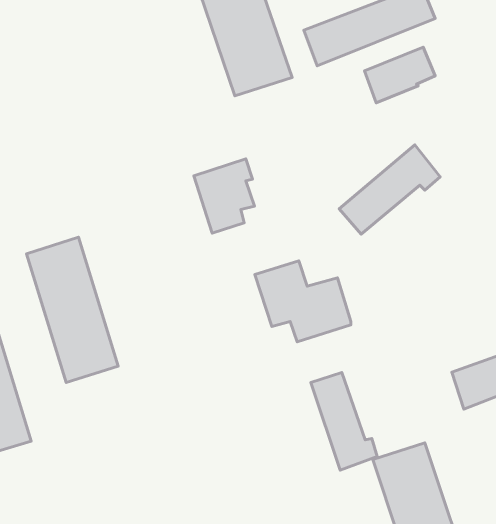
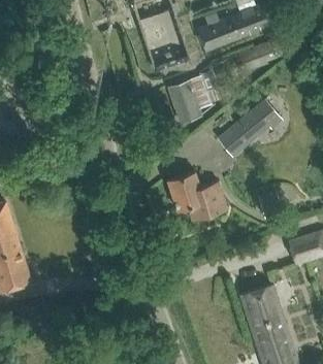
building: [194,159,254,233] -> [169,77,206,123]
building: [26,237,118,383] -> none
building: [311,373,377,470] -> none

